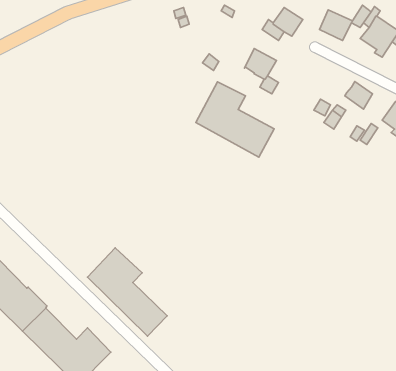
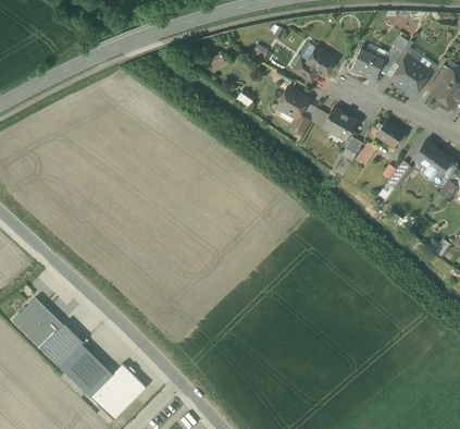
building: none -> [323,108,357,139]
building: [196,82,274,157] -> none
building: [87,248,167,336] -> none

